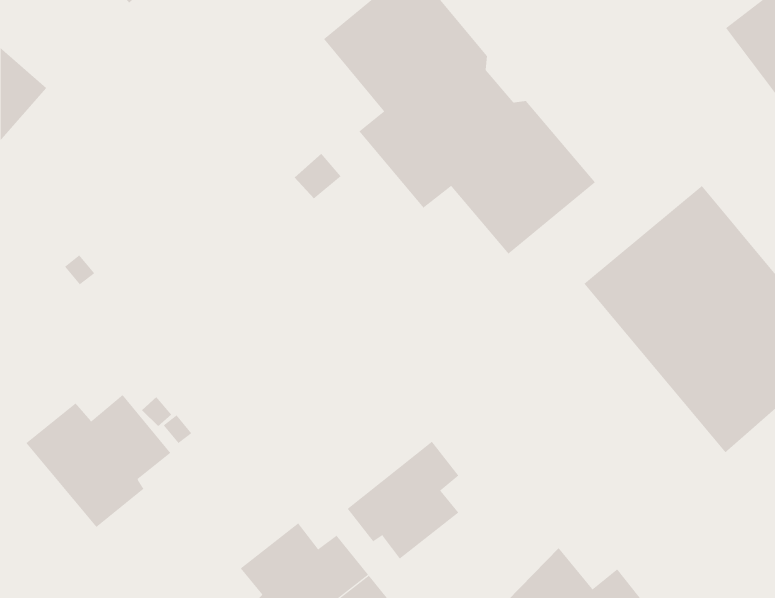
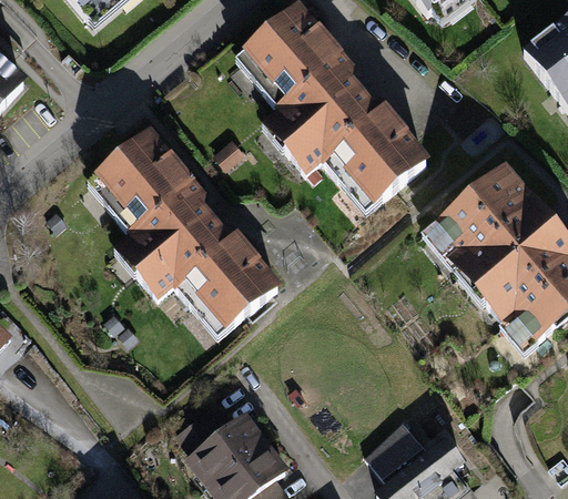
building: none -> [83,124,280,334]
building: [26,394,171,528] -> none
building: [347,441,459,560] -> none

